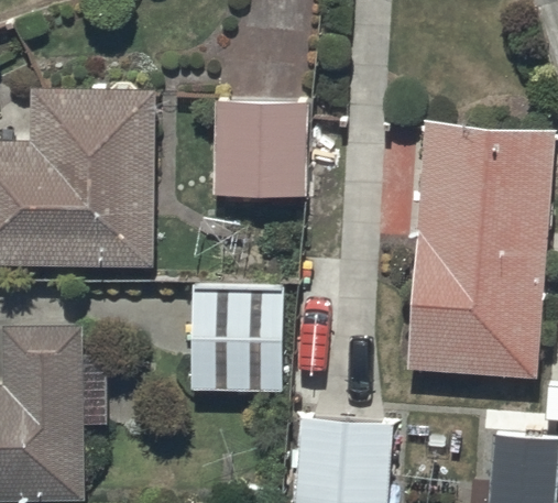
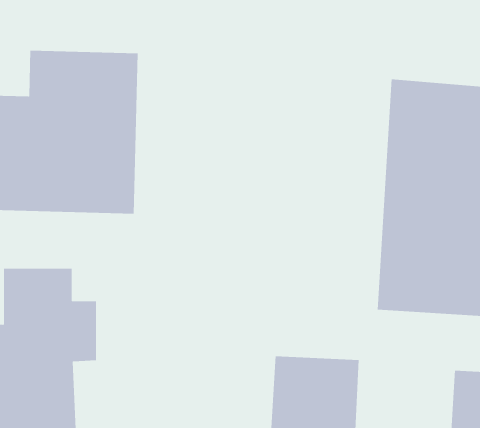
building: [214,101,306,196] -> none
building: [192,284,282,390] -> none

